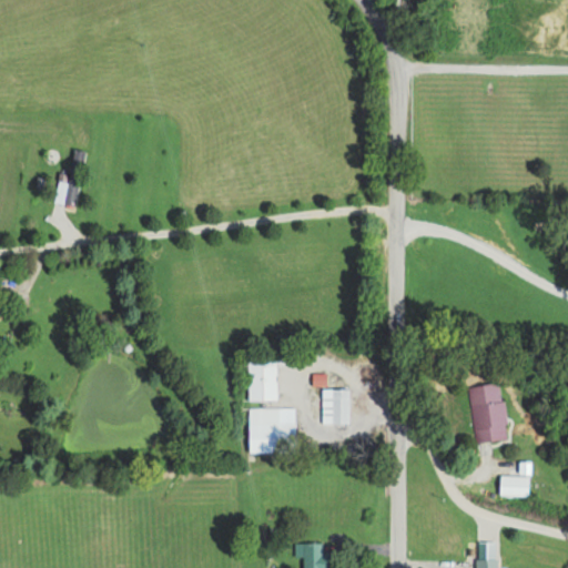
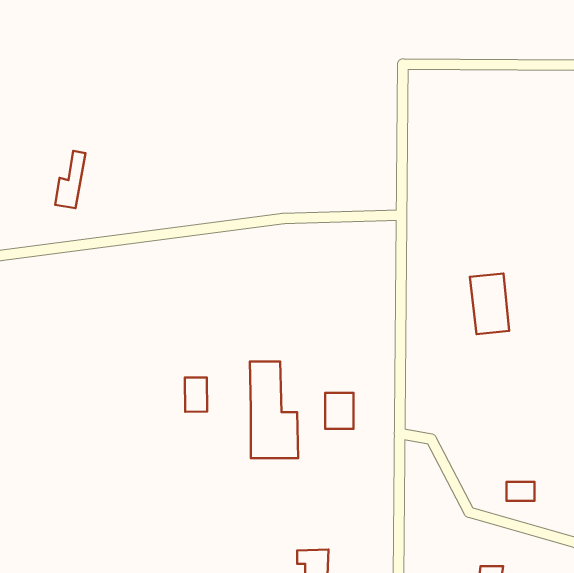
building: none -> [185,377,207,412]
building: [468,384,507,444] -> [470,274,509,334]

